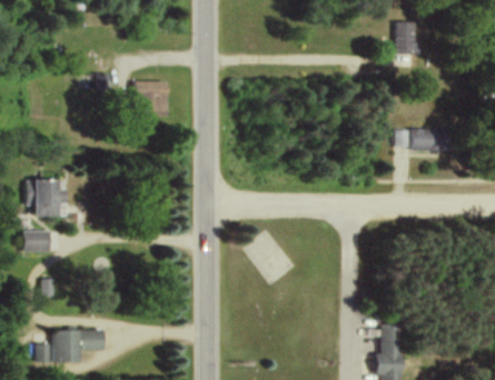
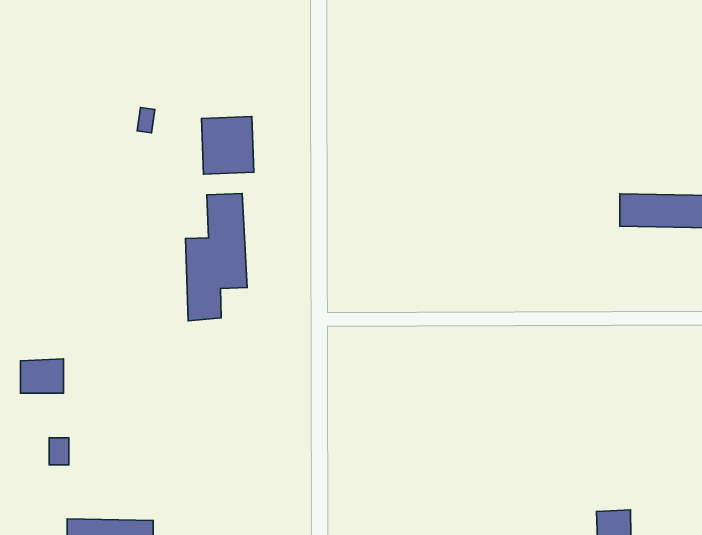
building: [395,22,418,54] -> none
building: none -> [186,194,247,321]
building: [27,180,67,217] -> none

